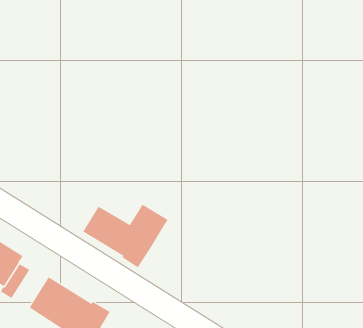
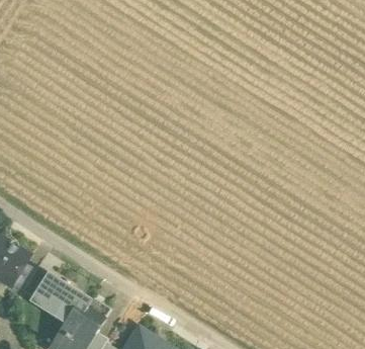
building: [83,204,168,268] -> none

